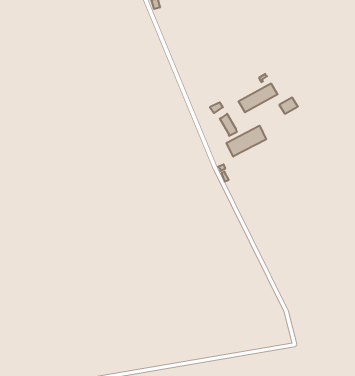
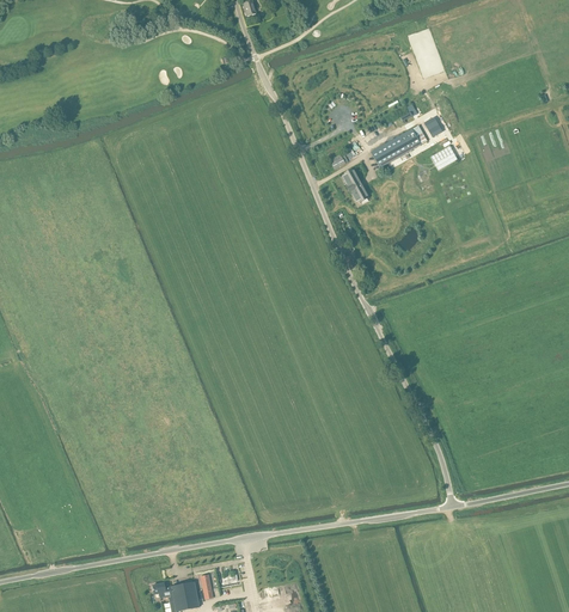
building: [227,126,266,157] -> none

